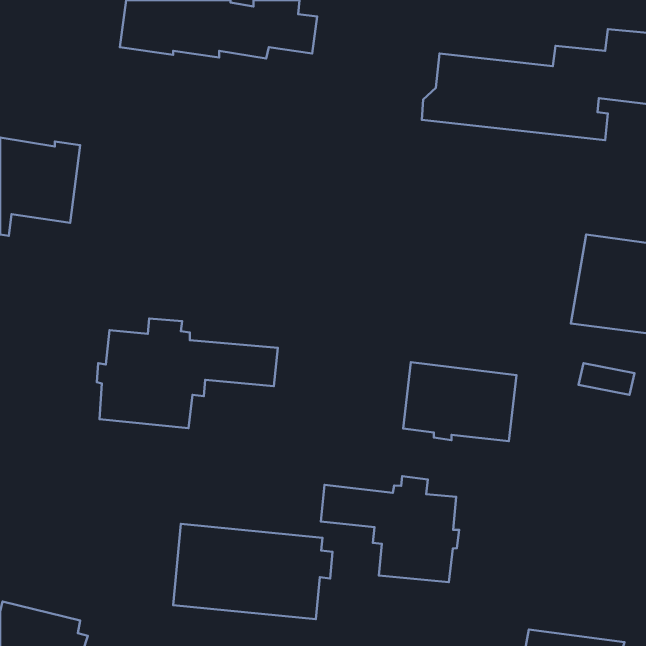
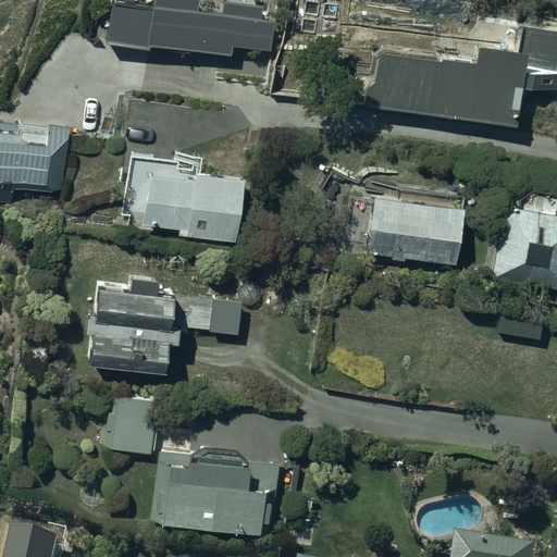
building: none -> [123,153,245,246]
building: [403,362,517,441] -> [368,197,465,264]
building: none -> [103,395,158,453]
building: [321,476,459,582] -> none

